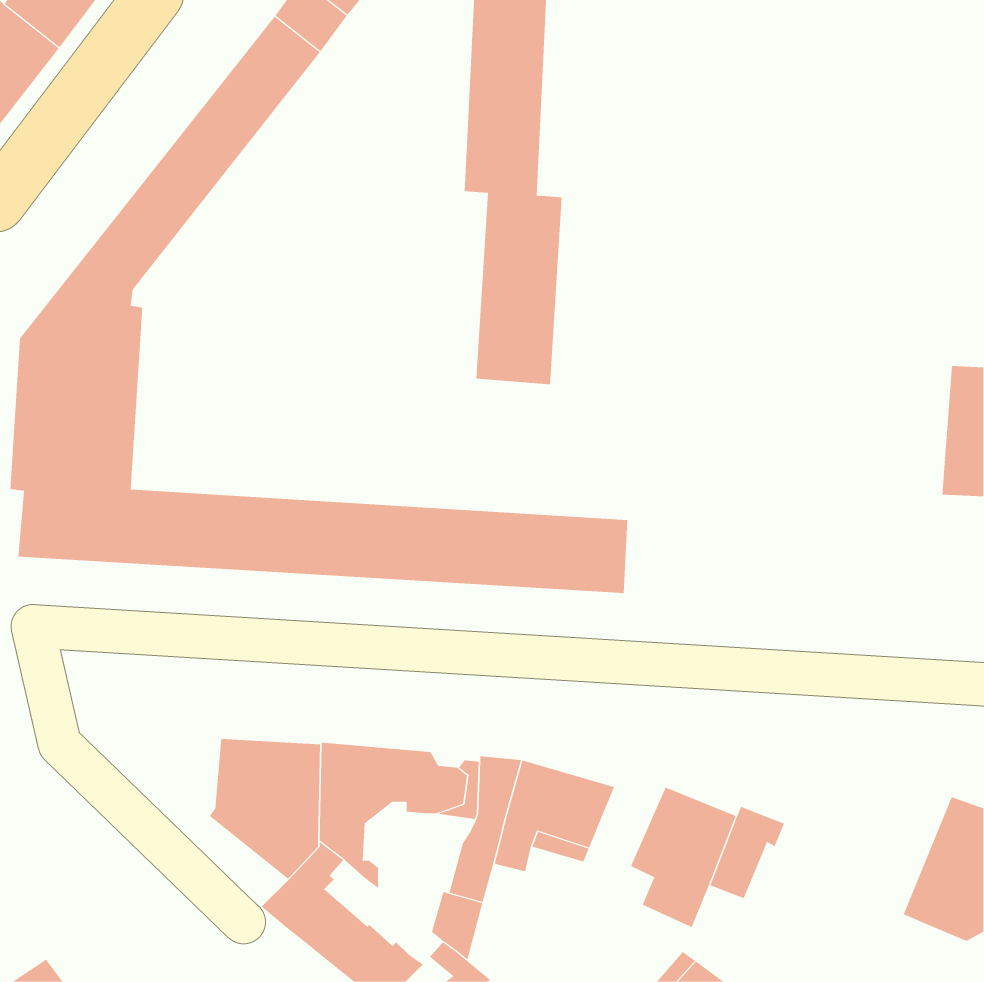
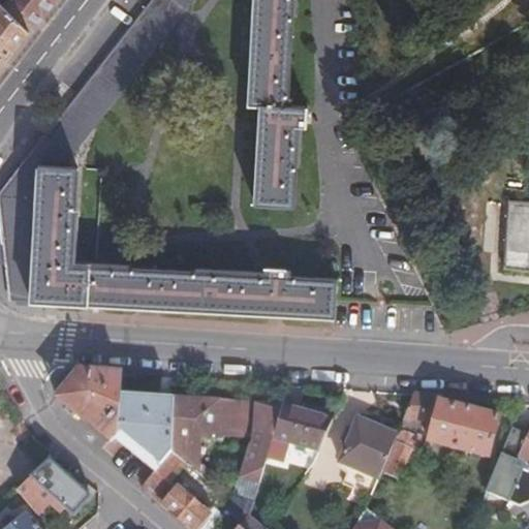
building: none -> [55,370,120,438]
building: none -> [402,393,493,455]
building: none -> [17,459,90,515]

